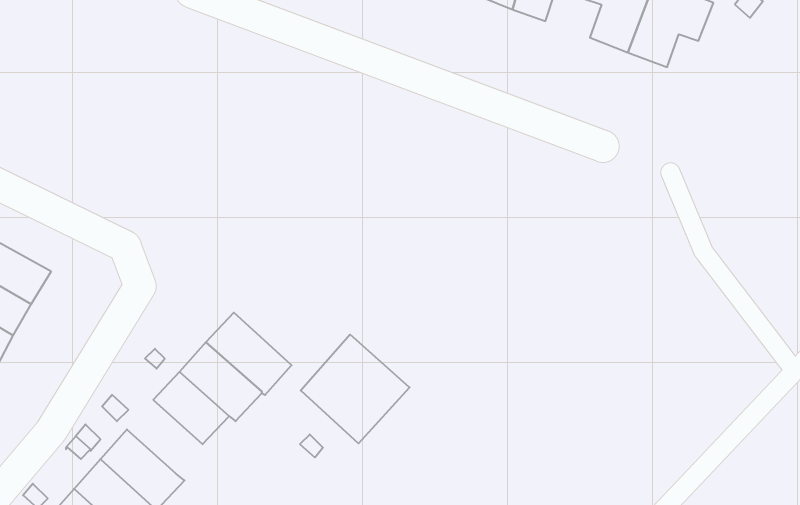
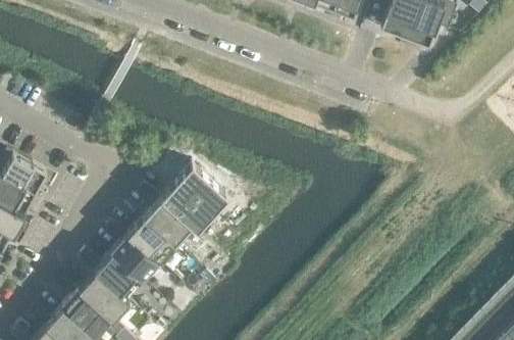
building: [301,335,410,443] -> [162,162,229,230]
building: none -> [96,251,143,297]

